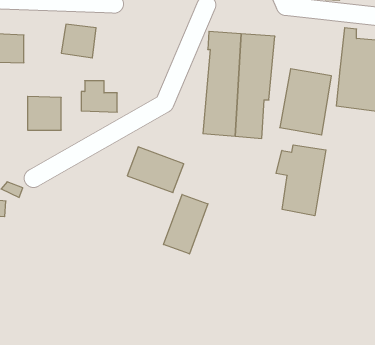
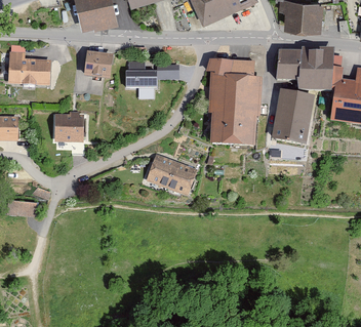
building: none -> [266,44,327,91]
building: [81,81,117,112] -> [126,62,157,88]
building: [276,145,326,216] -> none
building: [164,194,208,254] -> none

